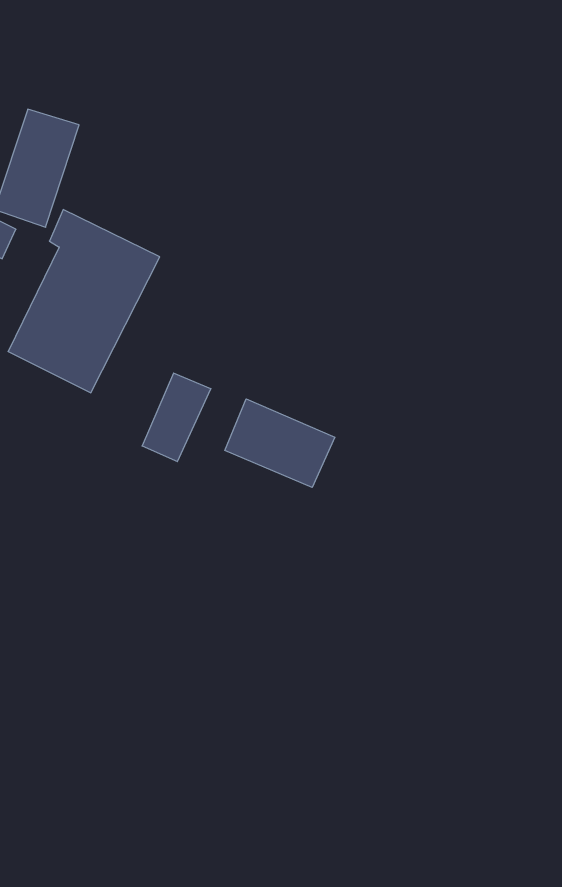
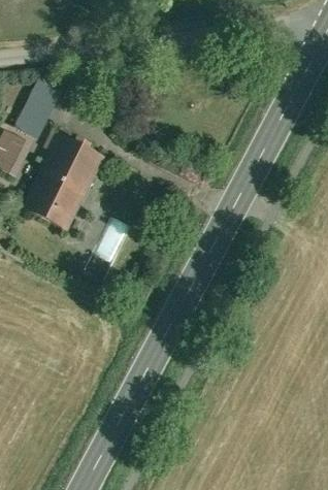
building: [225,399,335,487] -> none

